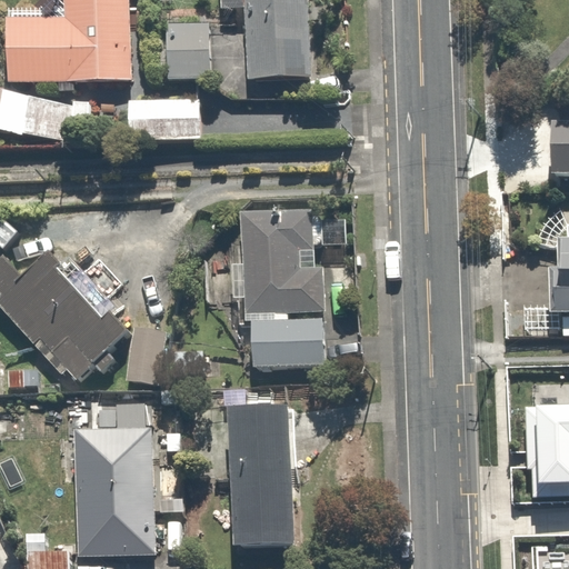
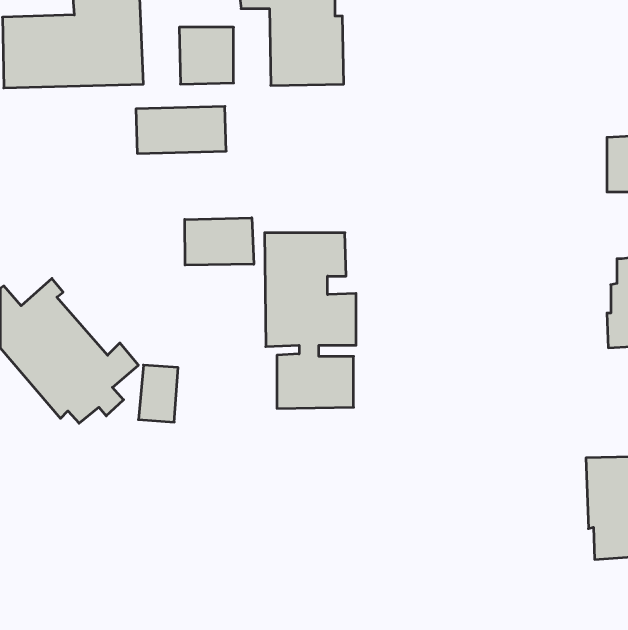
building: none -> [185,218,254,265]
building: [226,405,300,546] -> none
building: [72,427,158,557] -> none

